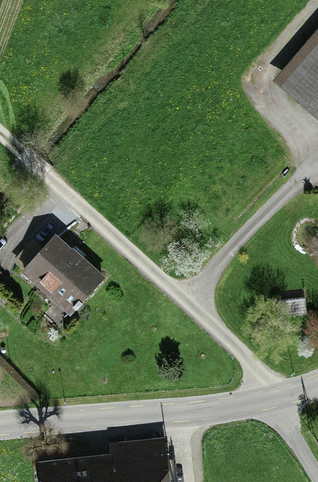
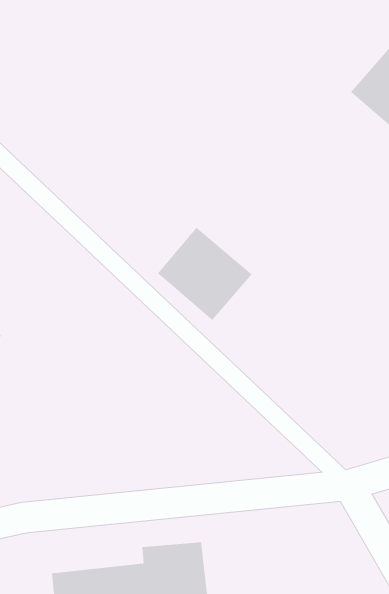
building: [24,237,100,312] -> [157,227,253,321]

